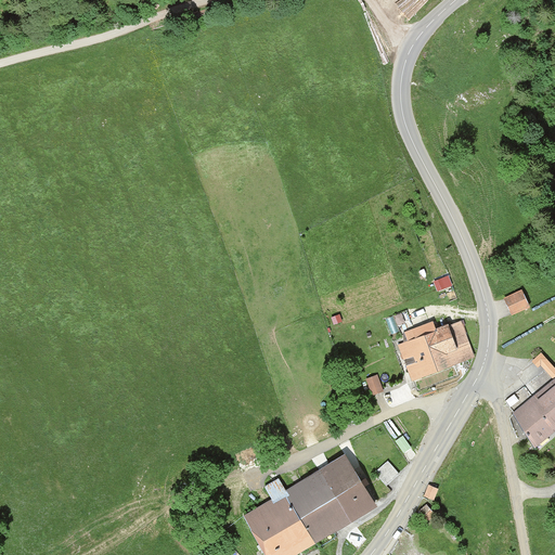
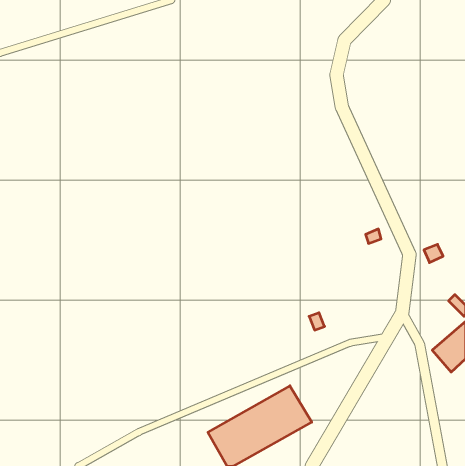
building: [396,322,469,380] -> none

